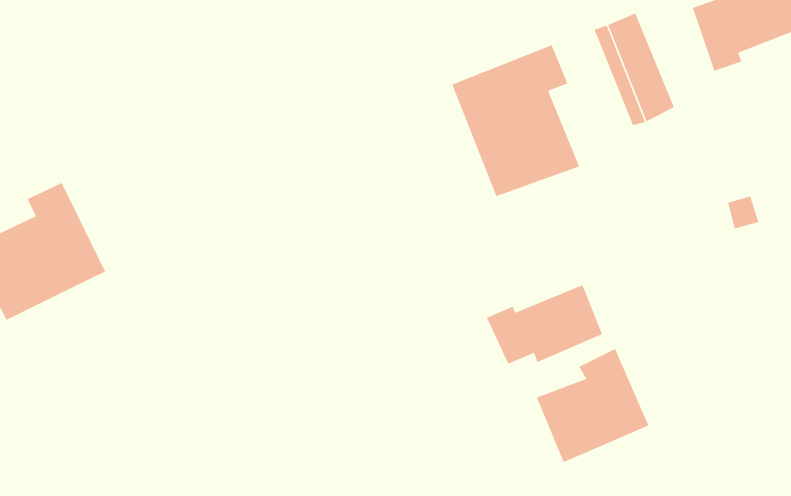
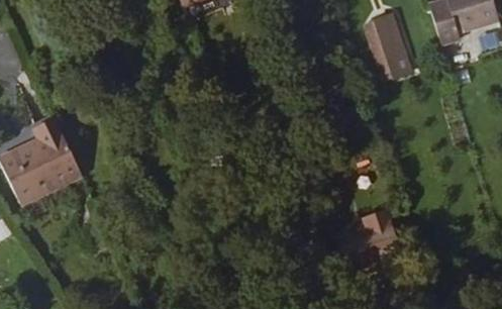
building: [451,44,580,197] -> none
building: [486,284,603,365] -> none

